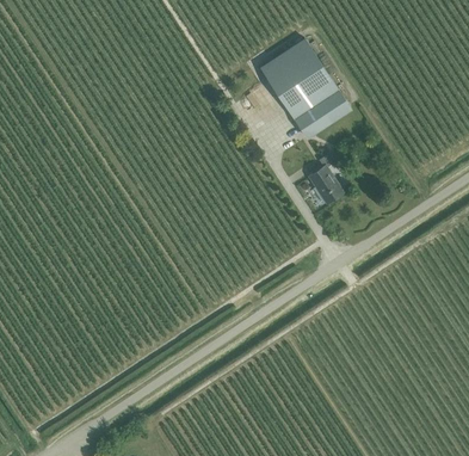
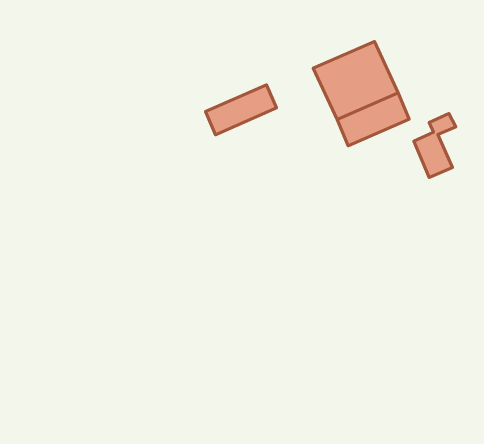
building: [259,38,314,84] -> [205,85,276,135]
building: [309,152,343,204] -> [414,113,456,178]

